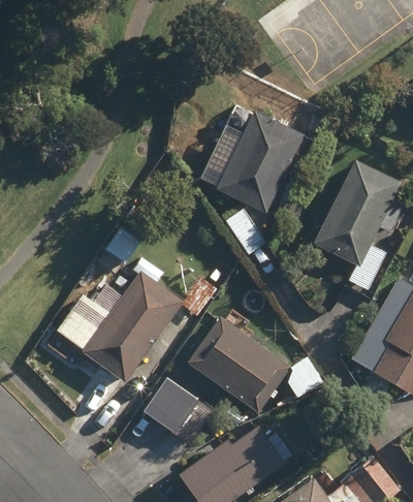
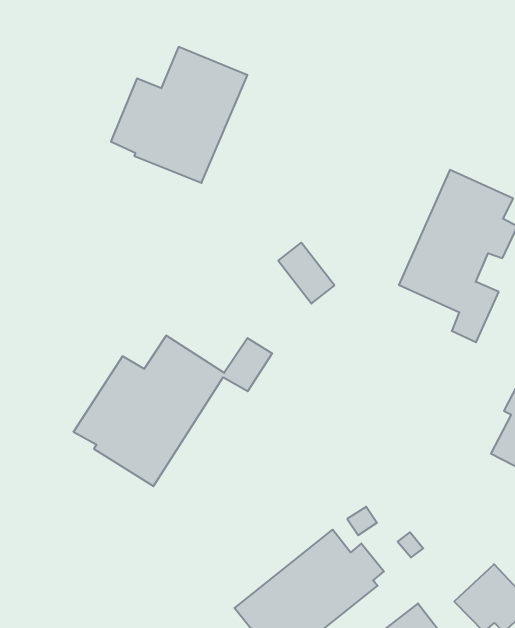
building: [200,111,304,212] -> [111,47,247,183]
building: [188,317,289,412] -> none
building: [154,386,212,443] -> none

